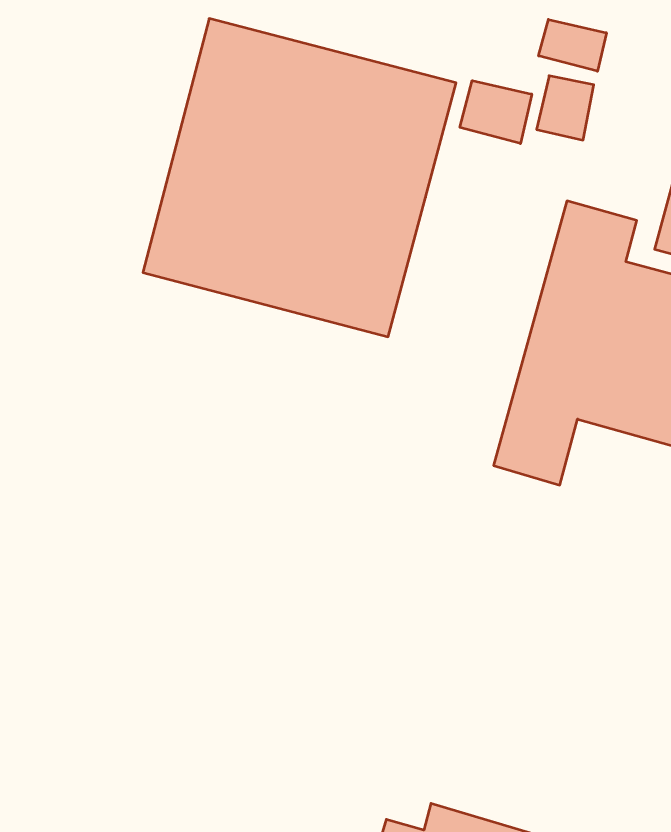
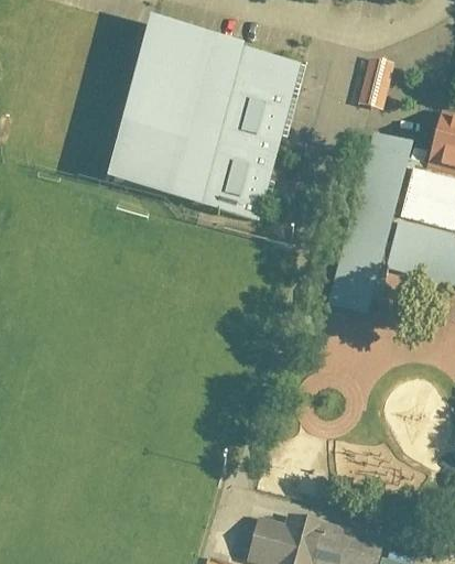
building: [539,19,606,71] -> none
building: [460,81,532,144] -> none

